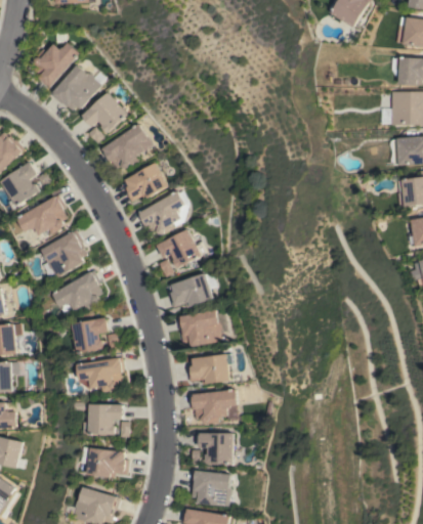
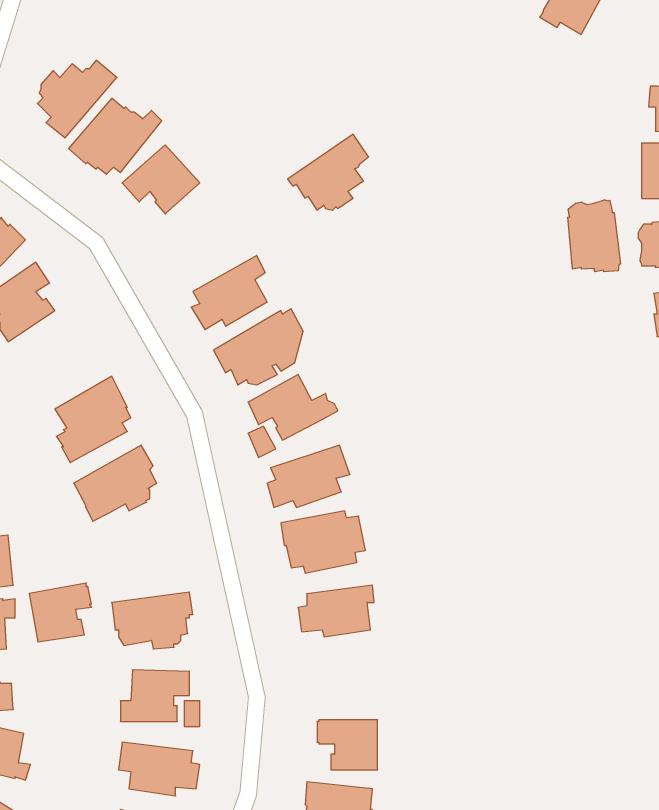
building: [99,123,147,168] -> [288,134,369,210]
building: none -> [568,200,621,272]
building: [18,194,68,235] -> none
building: [72,317,109,352] -> [29,583,91,642]
building: [188,389,239,423] -> none

